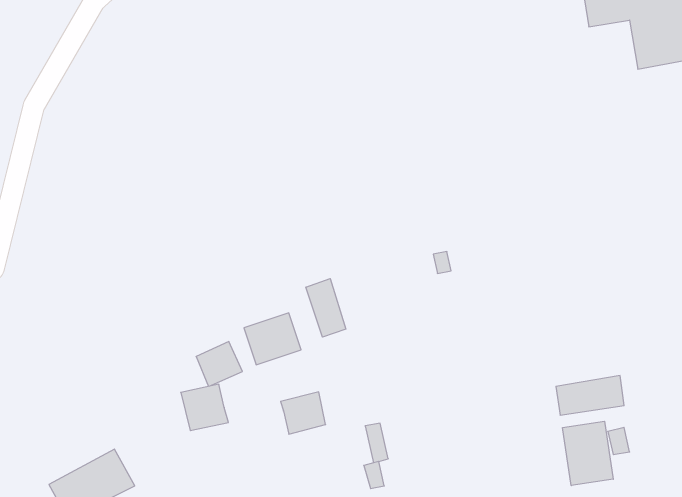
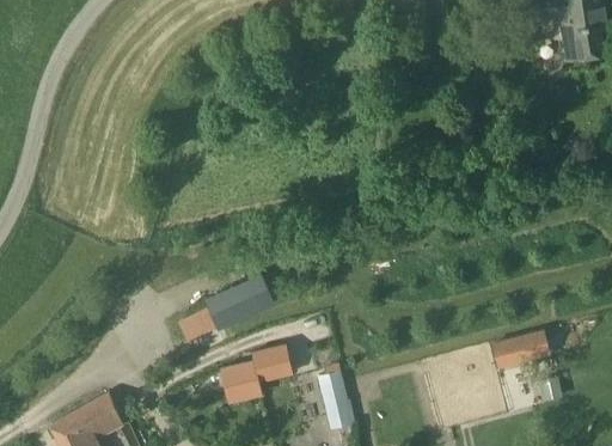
building: [306,279,346,337] -> none
building: [181,384,228,431] -> [222,362,264,403]
building: [563,421,613,486] -> none

